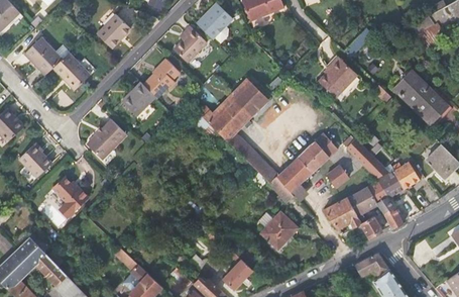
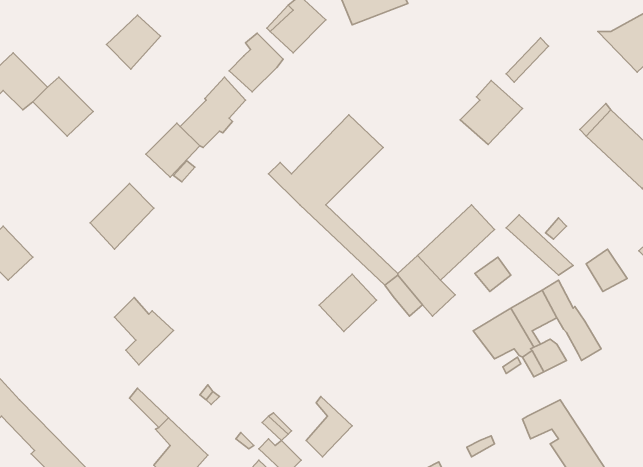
building: [377,169,405,196] -> none
building: [52,176,89,217] -> [114,298,173,365]
building: [261,212,297,247] -> [319,274,377,331]

